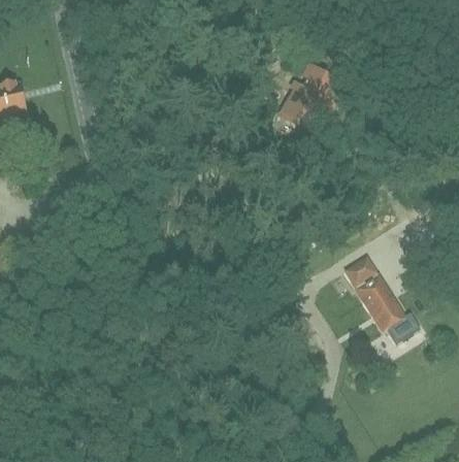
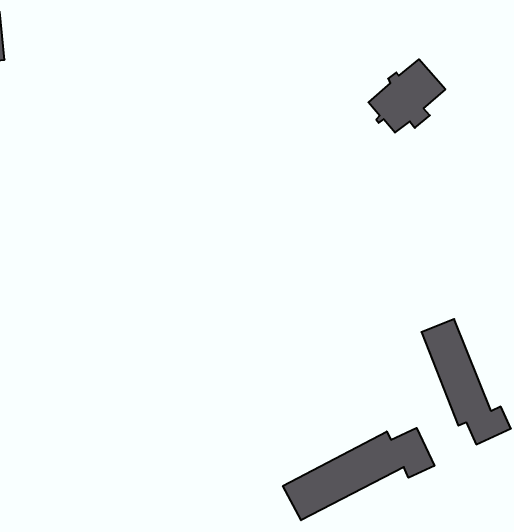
building: none -> [283,428,434,520]

